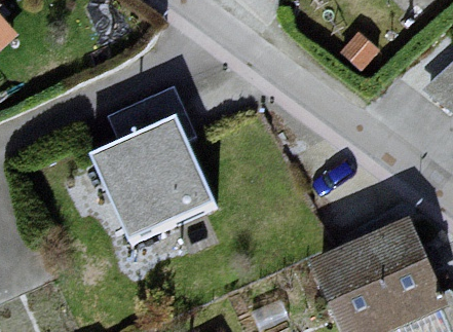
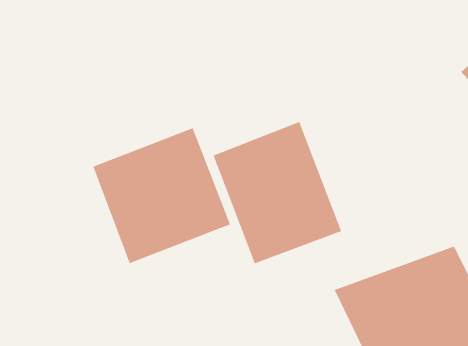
building: none -> [213,121,342,264]

